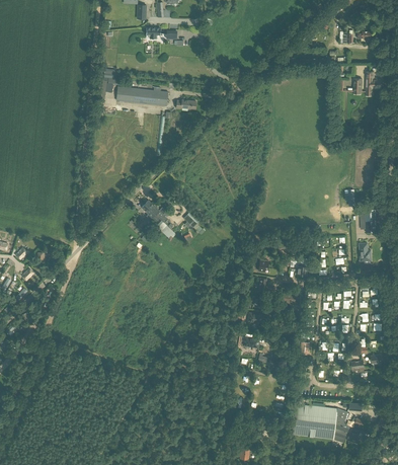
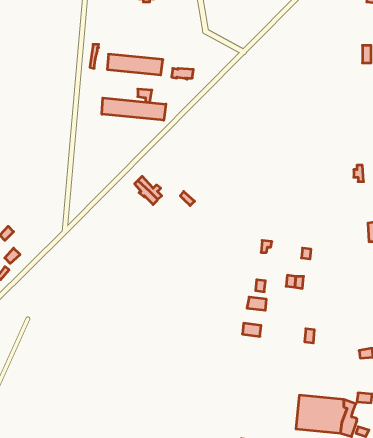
building: none -> [102,98,166,120]

